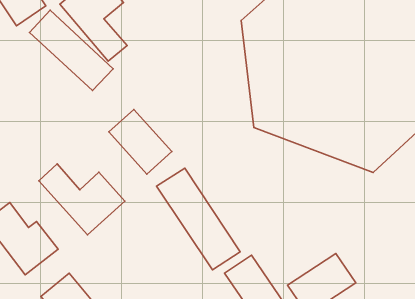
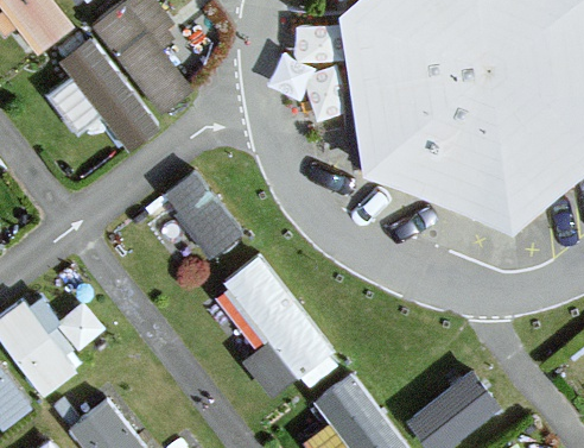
building: [39,164,125,235] -> none

